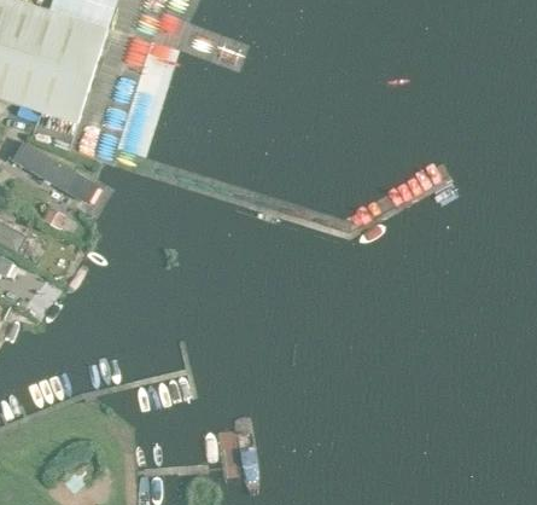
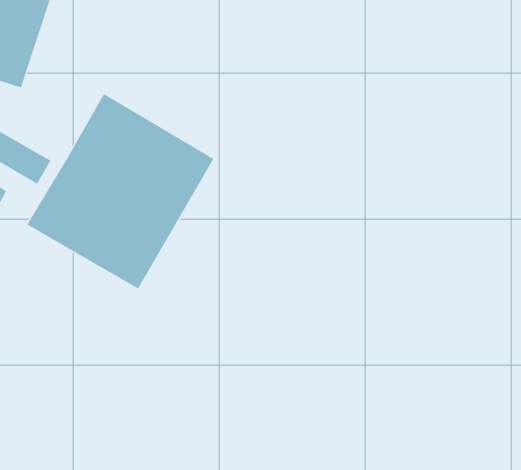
building: none -> [27,93,214,289]

